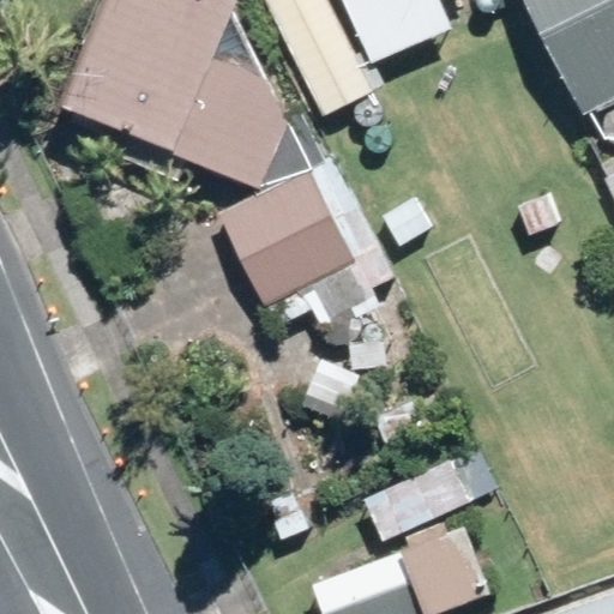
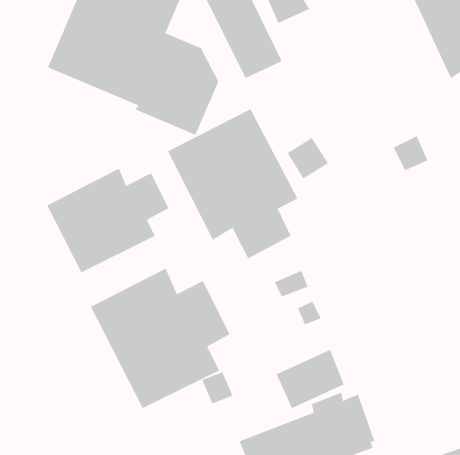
building: none -> [46,168,169,273]
building: none -> [90,268,230,409]

